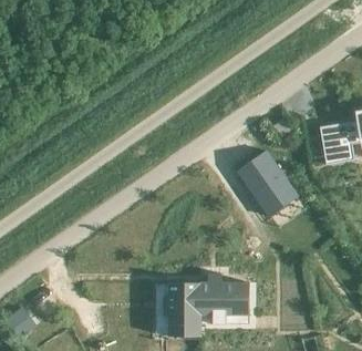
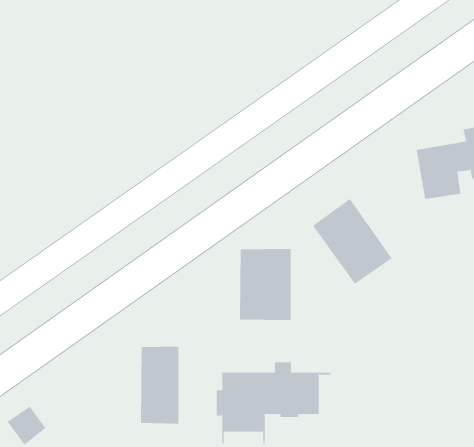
building: none -> [239,248,291,321]
building: none -> [141,346,179,424]

